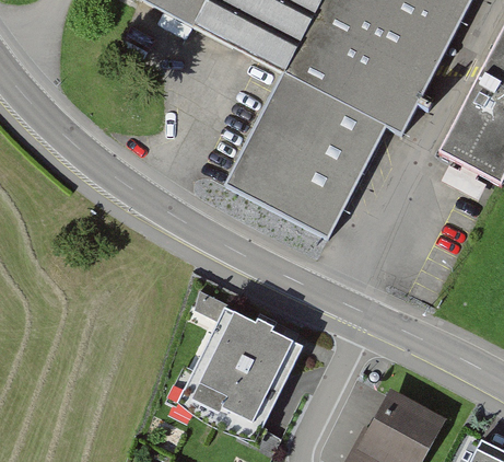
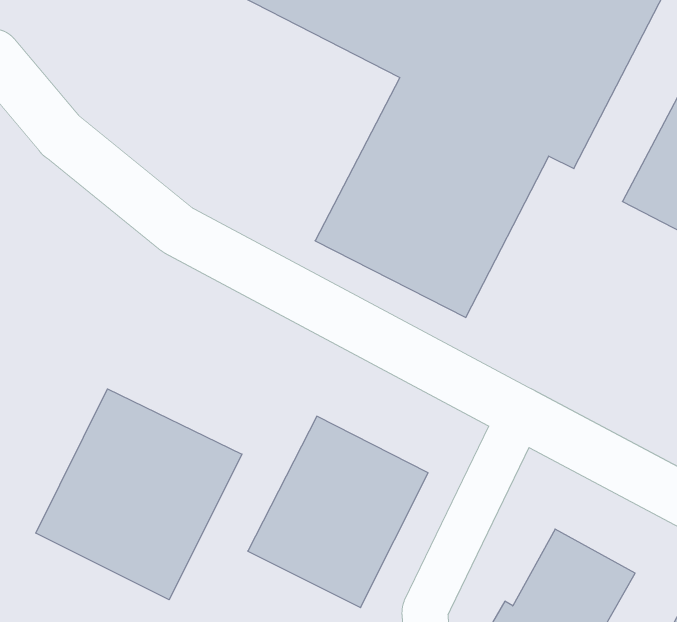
building: none -> [36,389,242,600]

